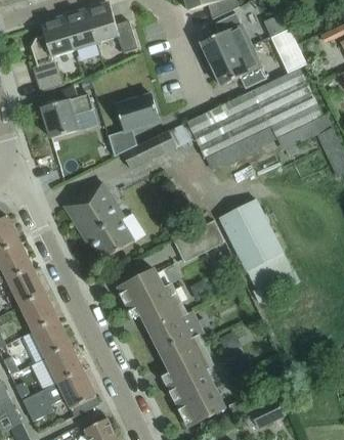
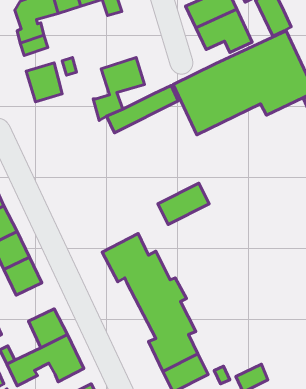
building: [64,182,137,259] -> none
building: [220,199,300,302] -> none
building: [32,318,70,356] -> none

